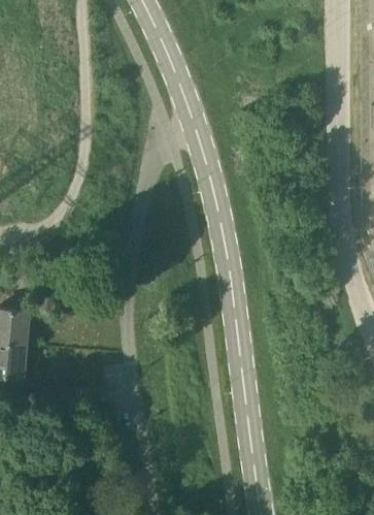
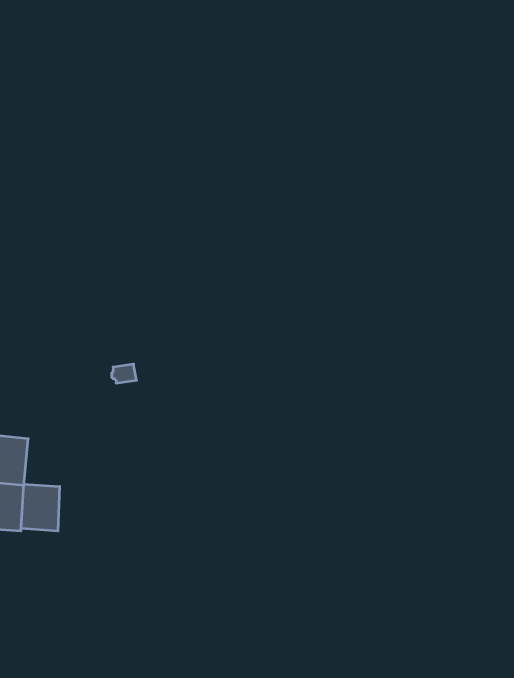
building: none -> [21,484,60,531]

